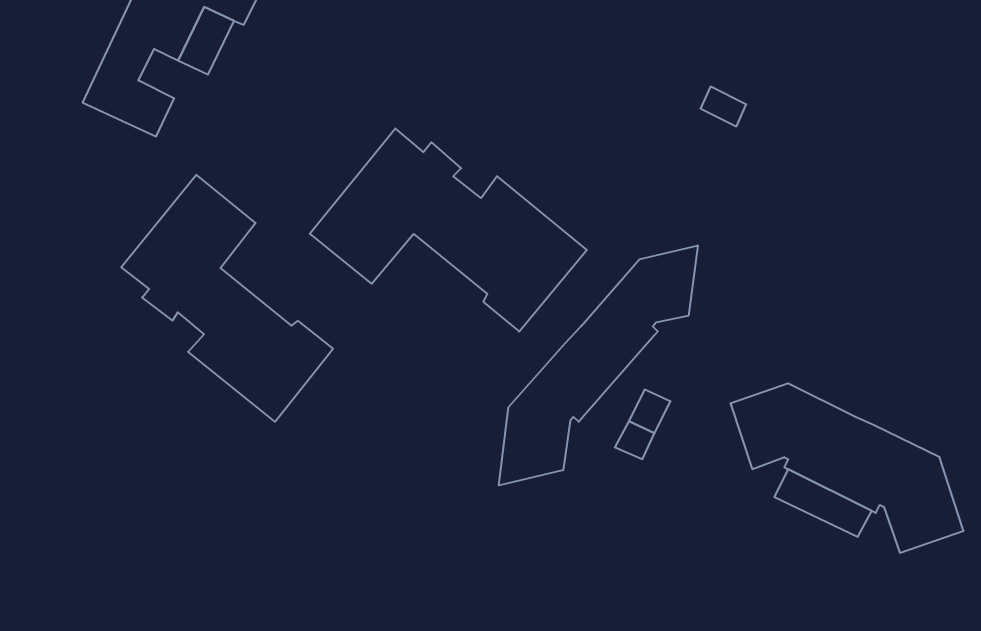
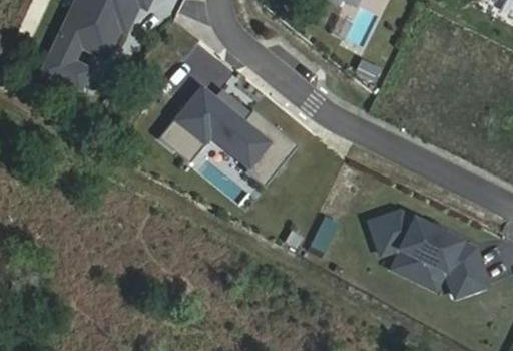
building: [121,175,333,422] -> none
building: [499,245,698,485] -> none

